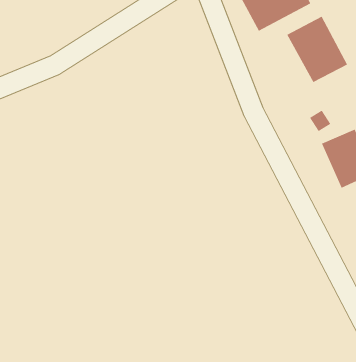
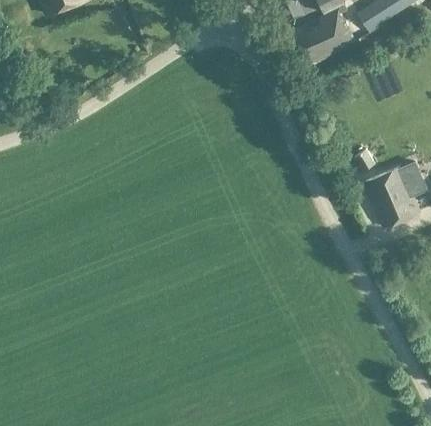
building: [286,16,348,83] -> none

